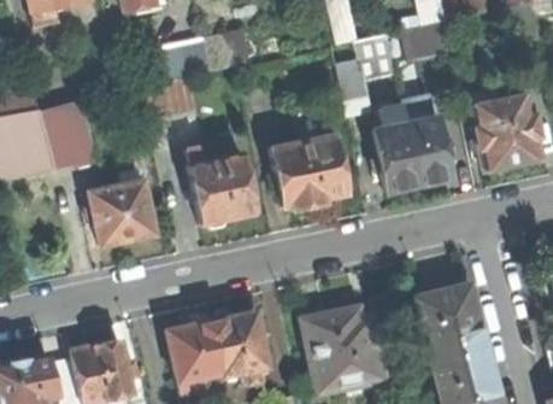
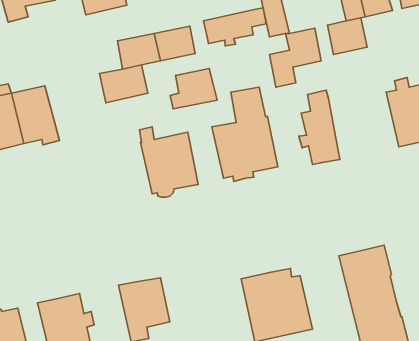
building: none -> [203,8,266,46]
building: none -> [170,69,217,109]
building: [405,110,452,185] -> none
building: [89,170,160,246] -> none
building: [212,311,269,383] -> none

